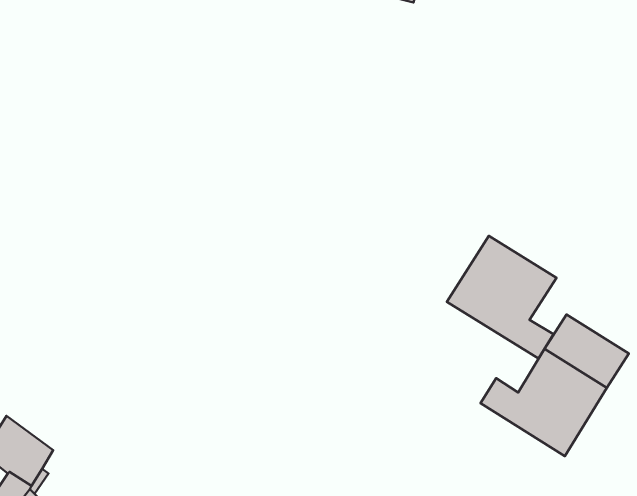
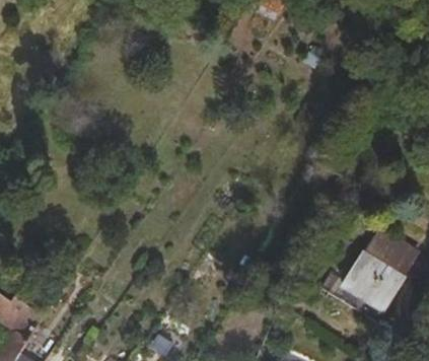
building: [447,236,556,359] -> none

